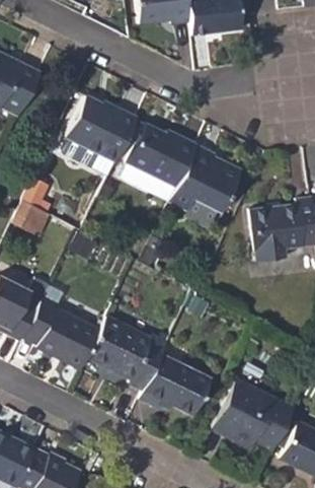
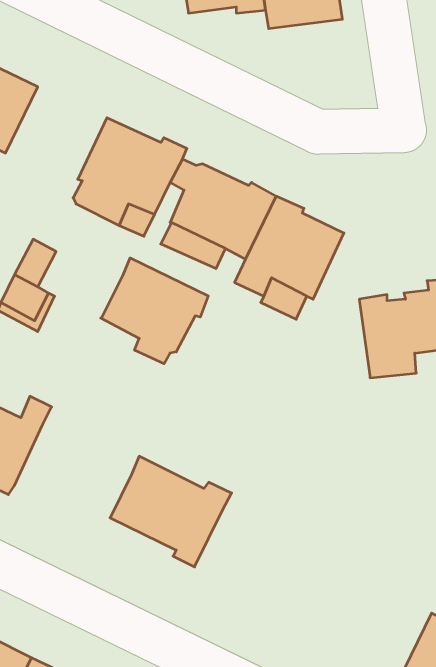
building: none -> [101,258,208,364]
building: [24,296,101,368] -> none
building: [139,352,211,414] -> none
building: [212,378,294,446] -> none

